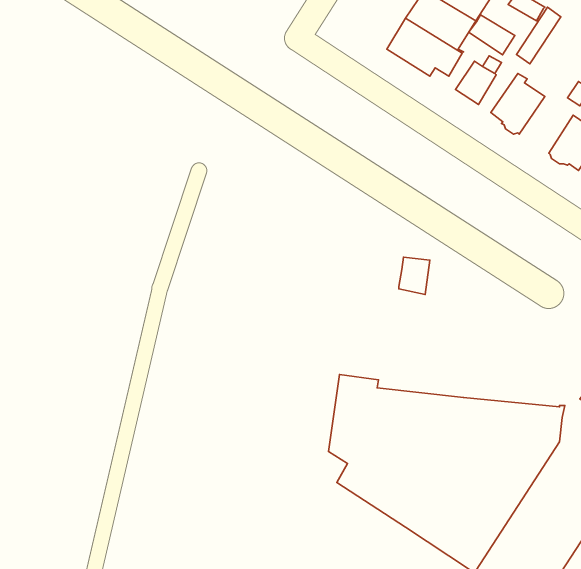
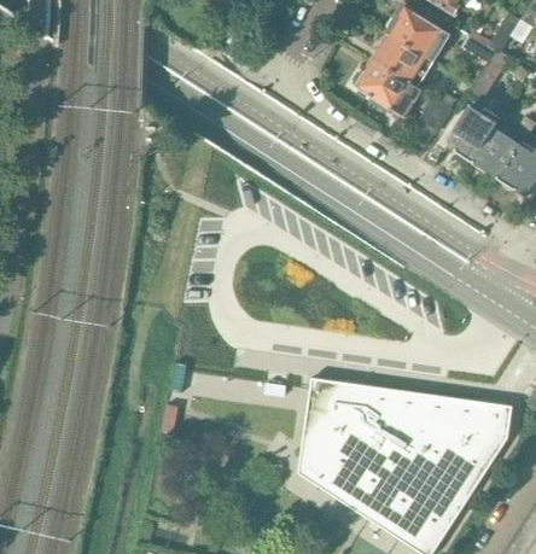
building: [469,15,515,55] -> none
building: none -> [472,128,520,179]
building: [399,257,430,294] -> none

